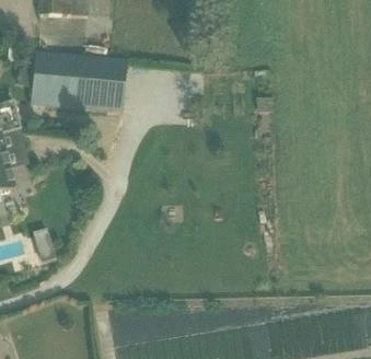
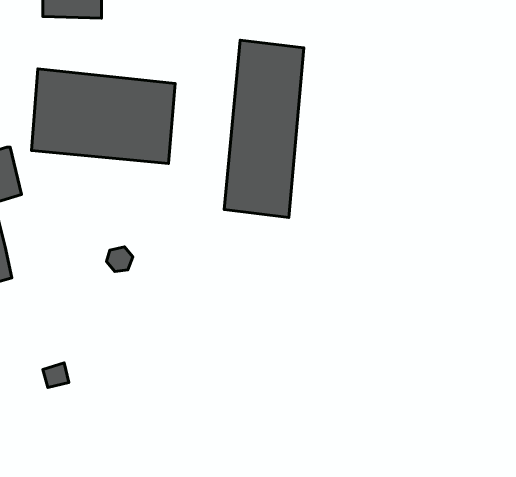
building: none -> [224,40,304,217]

